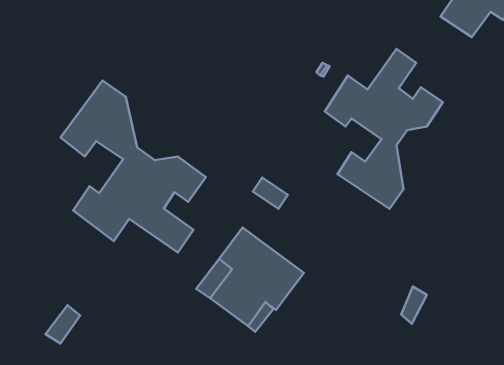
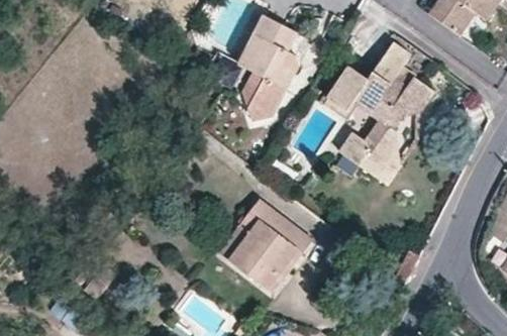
building: none -> [240,14,298,120]
building: [60,80,206,252] -> none

